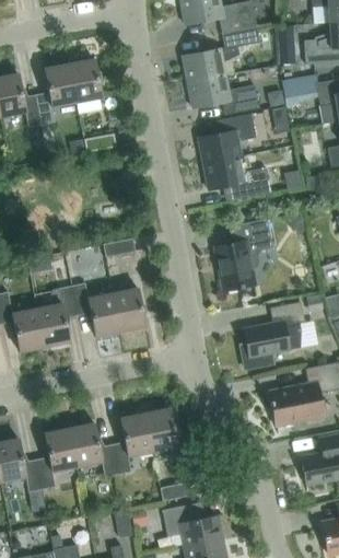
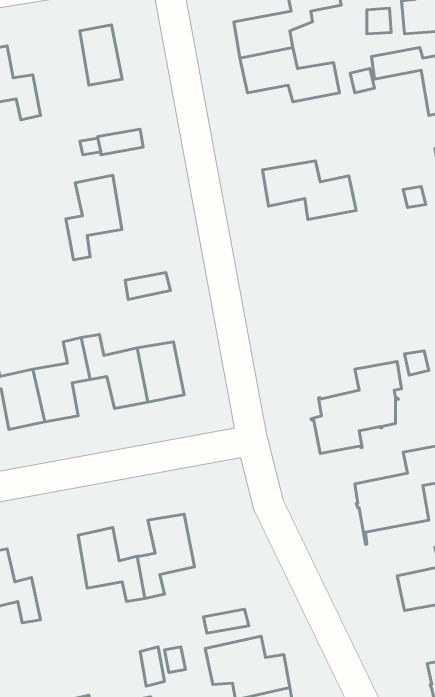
building: [37,62,78,124] -> [66,175,122,260]
building: [198,114,256,163] -> none
building: [214,218,273,291] -> none
building: [147,407,178,451] -> none
building: [36,428,77,489] -> none

